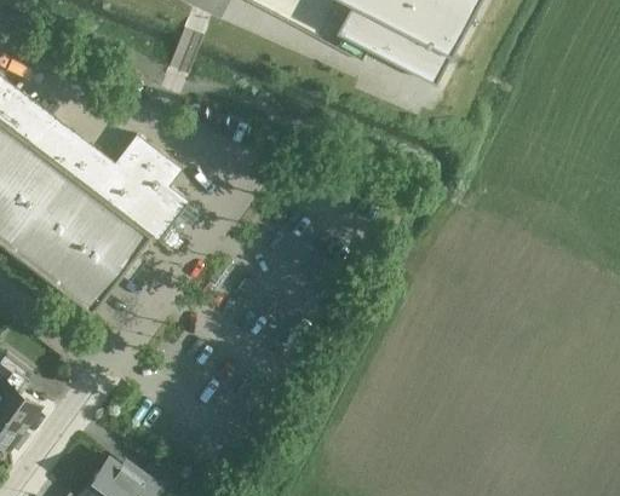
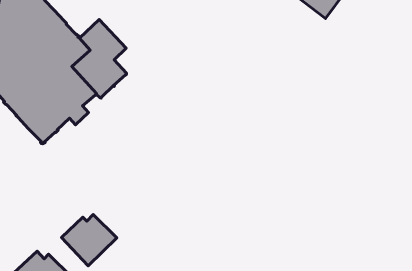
building: none -> [61,215,117,266]

